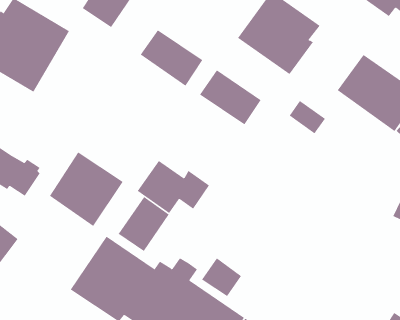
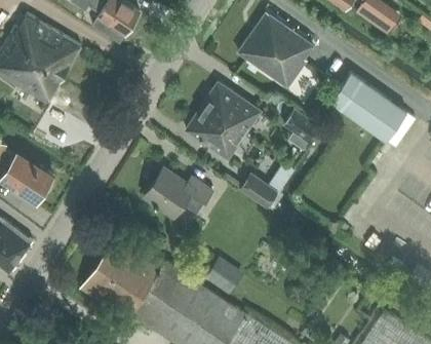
building: [140,29,203,86] -> [185,106,244,159]
building: [49,151,124,227] -> none
building: none -> [240,175,277,207]
building: [118,196,169,252] -> none

